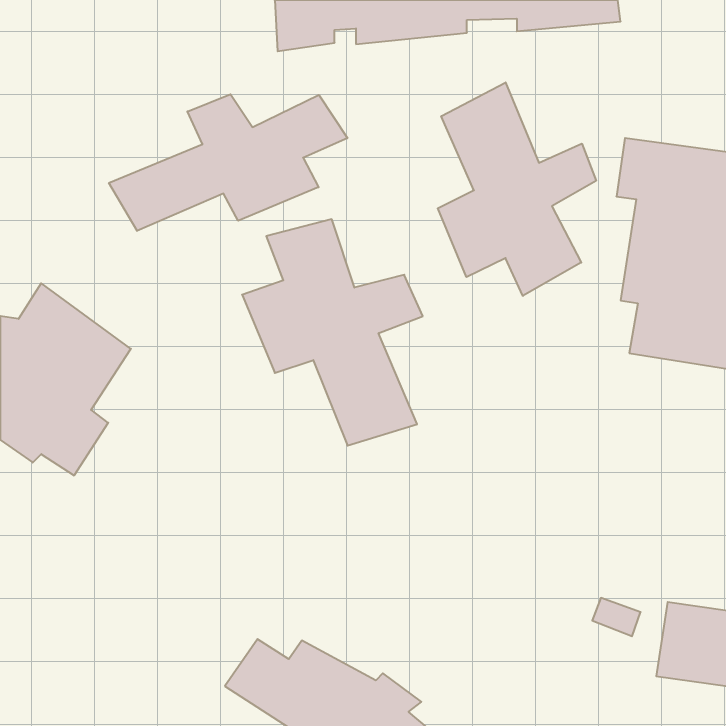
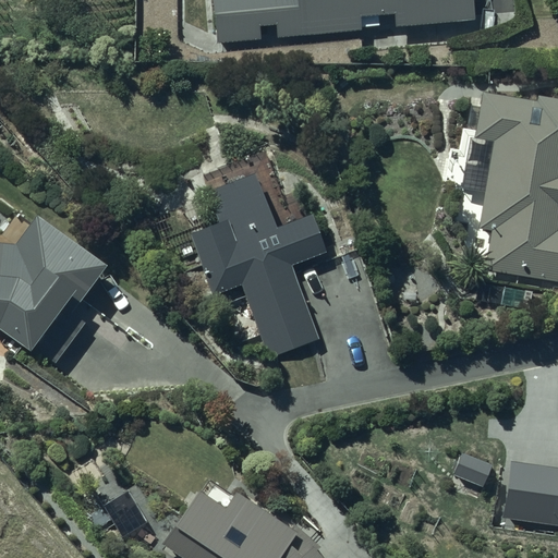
building: [438,82,596,296] -> none
building: [109,94,347,231] -> none

